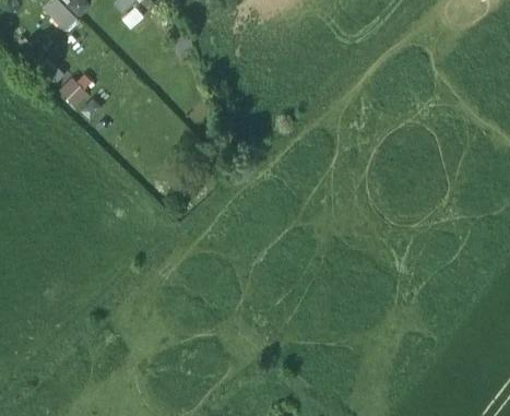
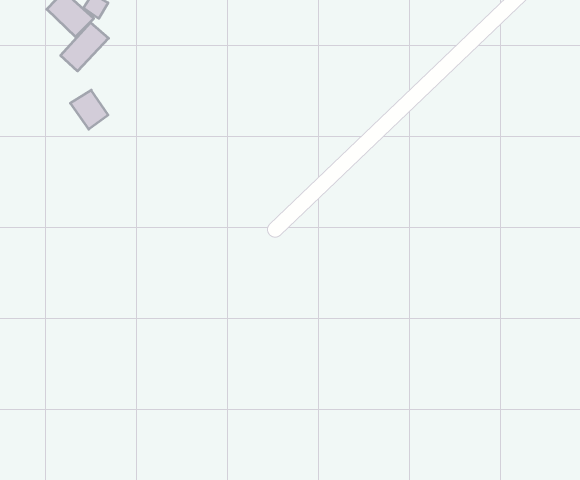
building: none -> [61,23,109,71]

